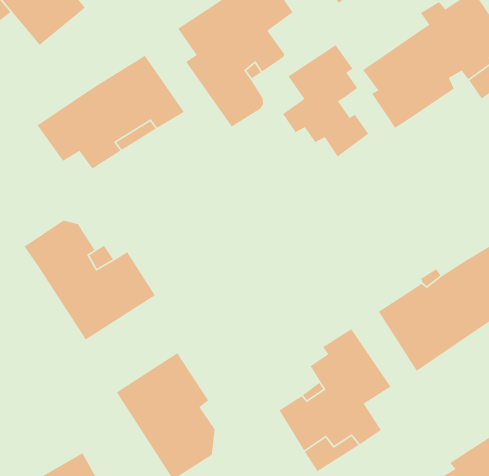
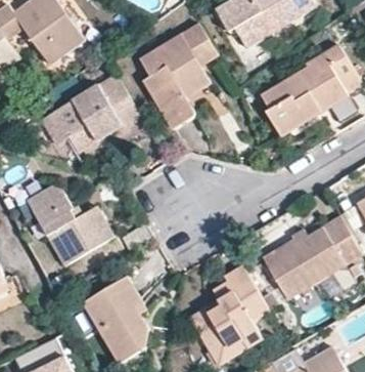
building: [282,44,369,158] -> none

